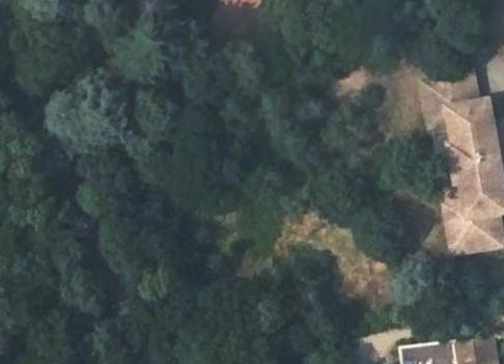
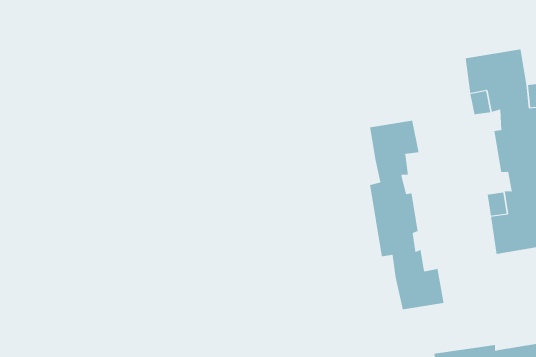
building: none -> [369,120,444,310]

